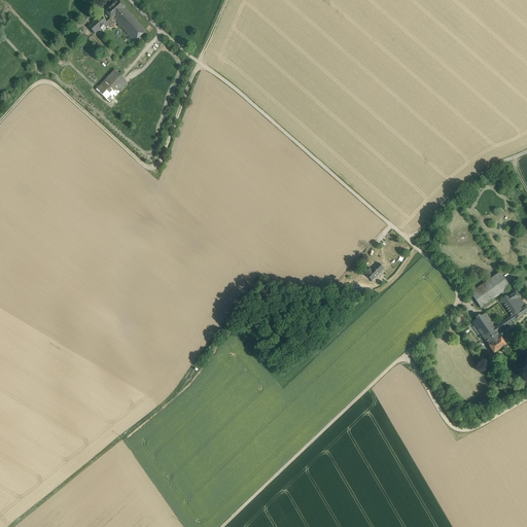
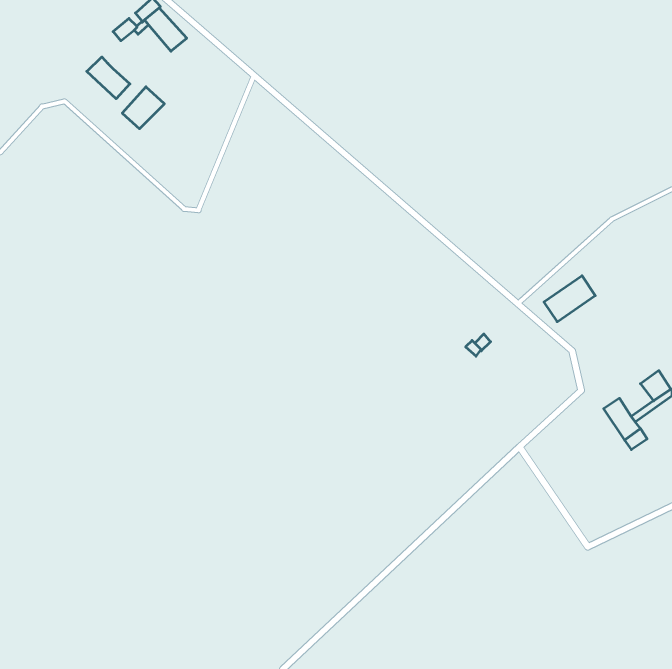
building: none -> [87,57,130,99]
building: [470,271,511,307] -> [544,276,595,322]

